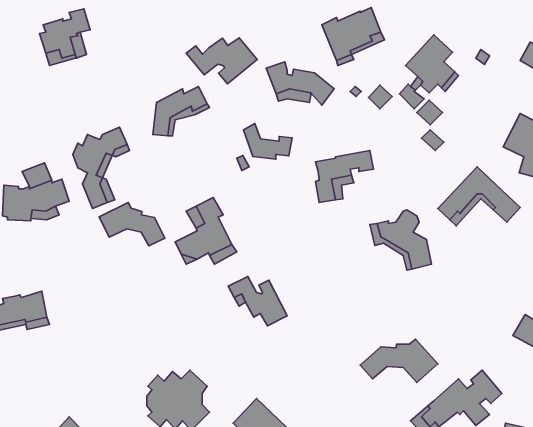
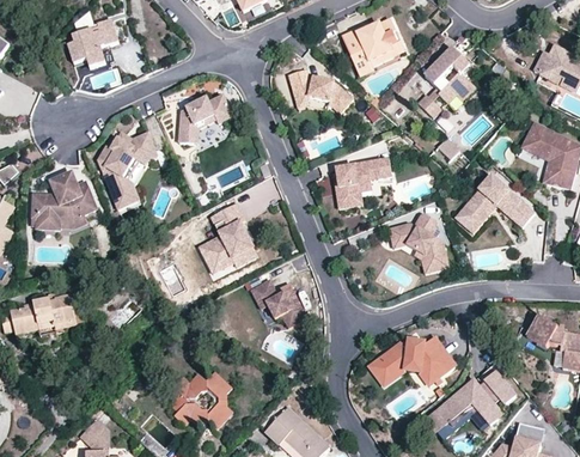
building: [186,38,257,84] -> none
building: [243,124,292,159] -> none
building: [99,202,165,246] -> none
building: none -> [370,366,434,391]

